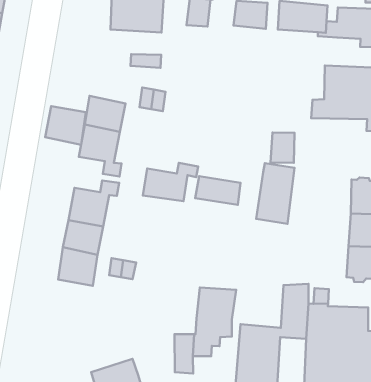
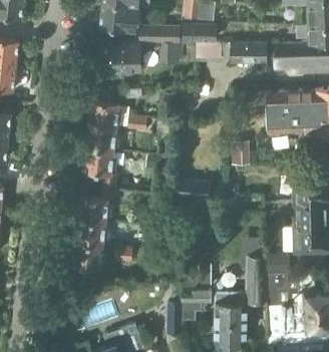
building: [45,106,86,145] -> [87,100,117,128]
building: [143,163,198,201] -> none
building: [256,163,295,224] -> none

